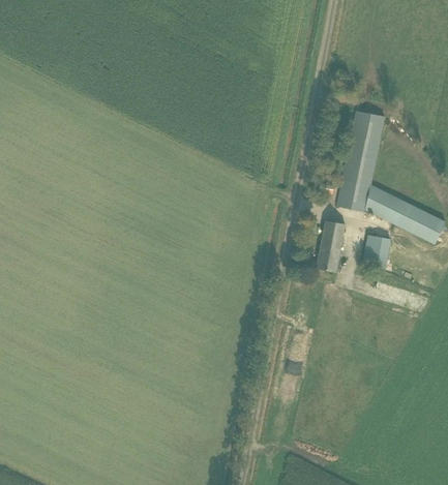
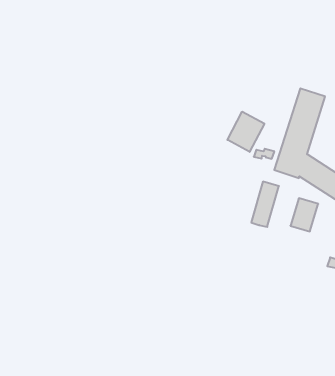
building: none -> [227,112,264,152]

